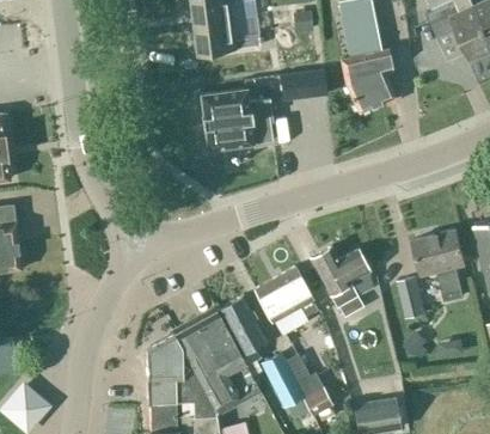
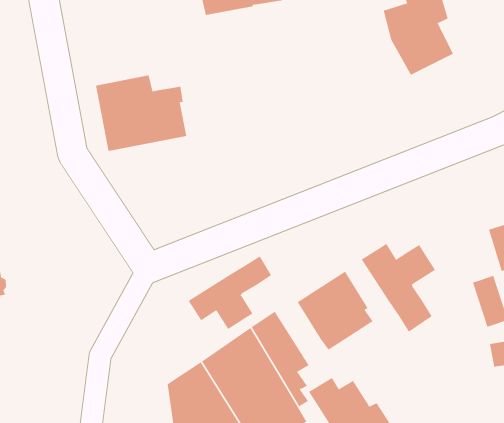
building: [278,69,326,100] -> none
building: [201,88,272,148] -> [95,75,187,151]
building: none -> [188,255,272,330]

